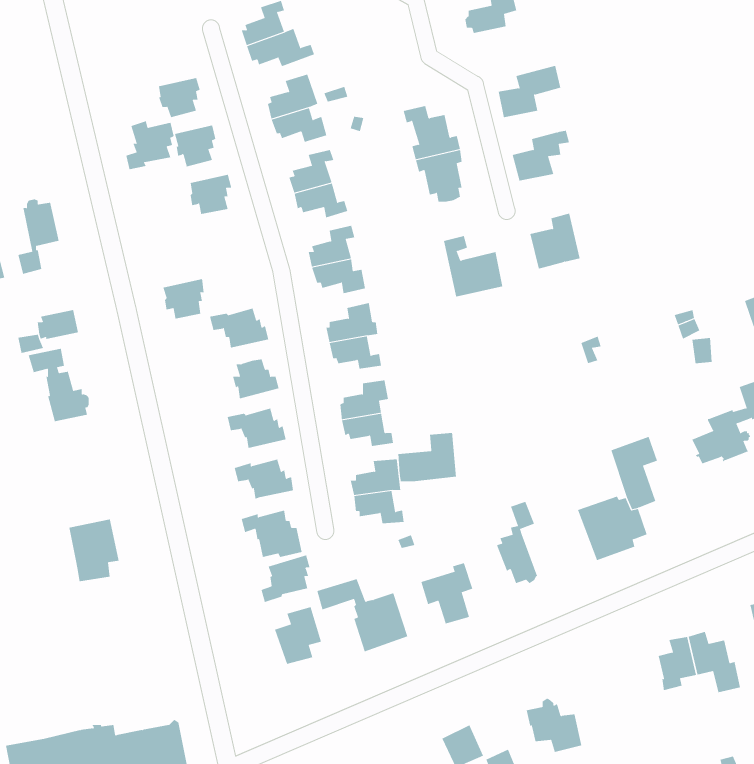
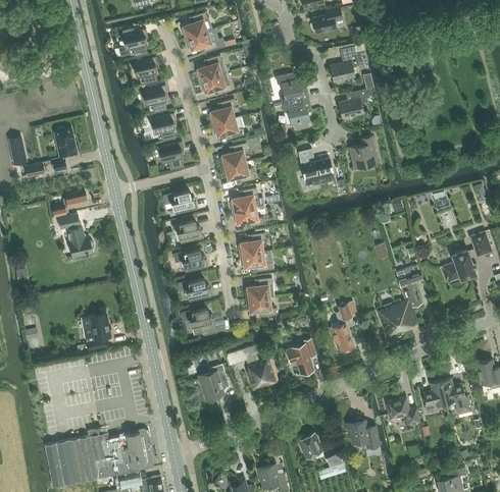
building: [125,120,175,170] -> [118,28,147,56]
building: [162,279,205,319] -> [158,142,183,165]
building: [398,432,456,482] -> none
building: [261,554,310,603] -> none
building: none -> [386,397,418,424]

